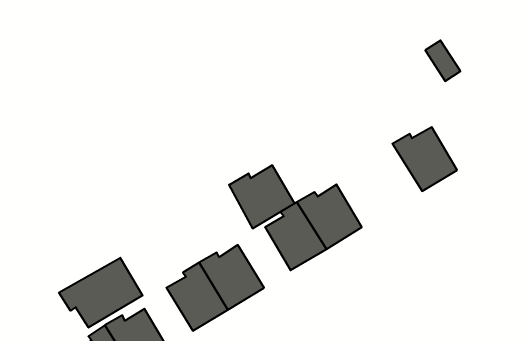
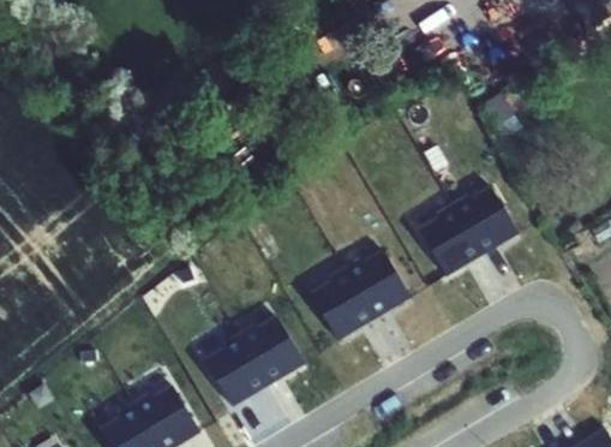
building: none -> [413,202,481,278]
building: [229,165,295,229] -> none
building: [59,258,143,328] -> none

